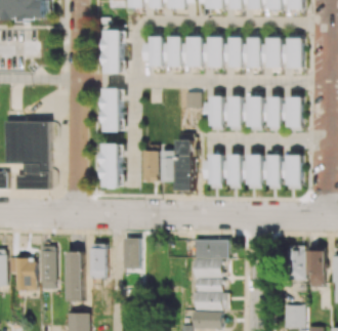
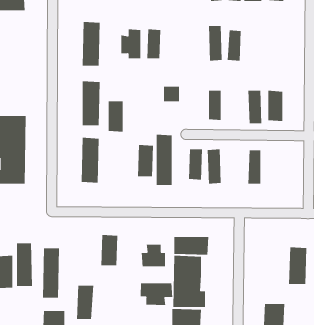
building: [208,33,223,67] -> none
building: [266,34,283,68] -> none
building: [186,37,203,67] -> none
building: [287,38,303,68] -> none
building: [202,95,223,125] -> none
building: [247,96,263,126] -> none
building: [142,151,158,181] -> [108,101,124,132]
building: [247,154,262,189] -> none
building: [287,155,302,189] -> none
building: [90,244,108,278] -> [76,285,94,320]
building: [287,245,305,281] -> none
building: none -> [141,244,165,267]
building: none -> [140,282,173,306]

